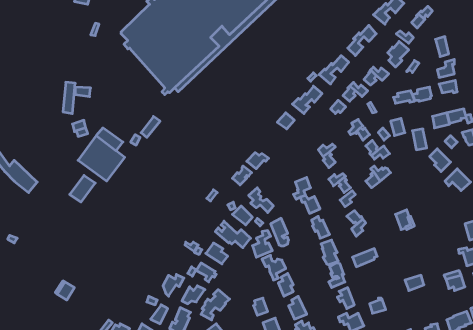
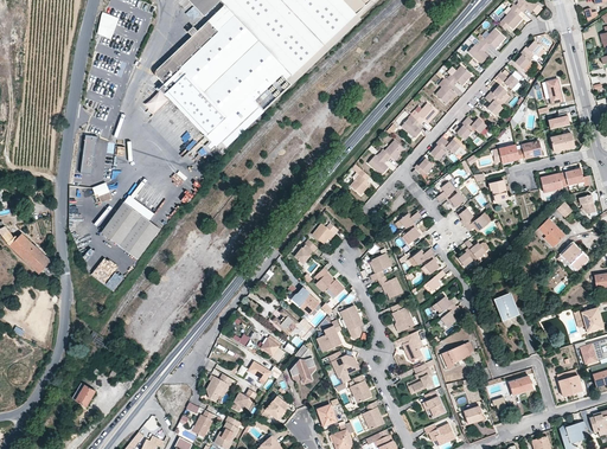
building: none -> [289,345,315,381]

